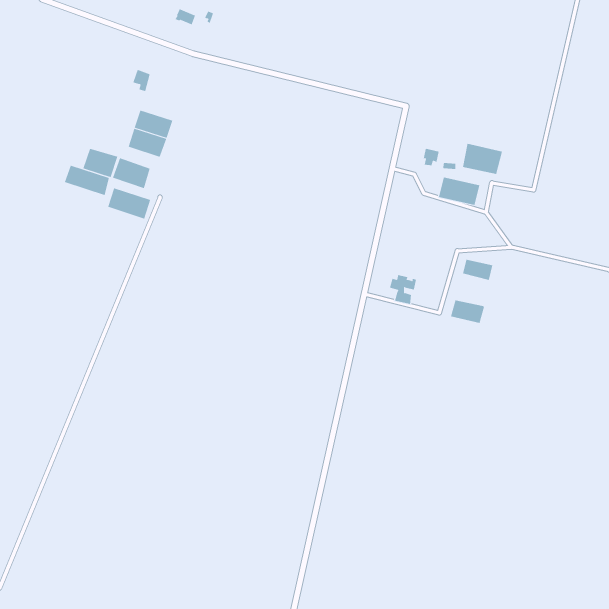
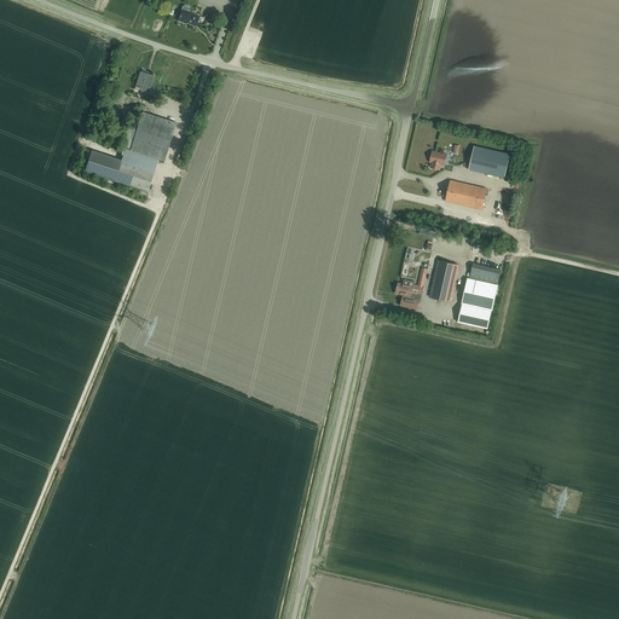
building: [64,165,110,196] -> none
building: [107,187,151,220] -> none
building: none -> [428,259,457,301]
building: none -> [461,277,496,310]

